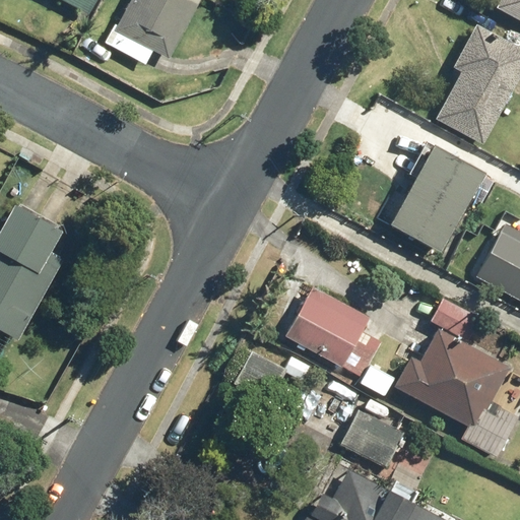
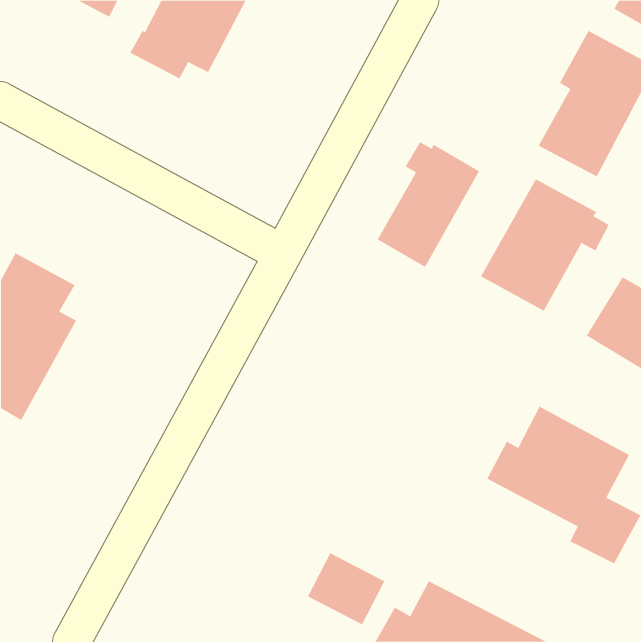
building: none -> [377,142,480,268]
building: [286,287,381,377] -> none
building: [341,409,404,468] -> [307,552,385,625]

